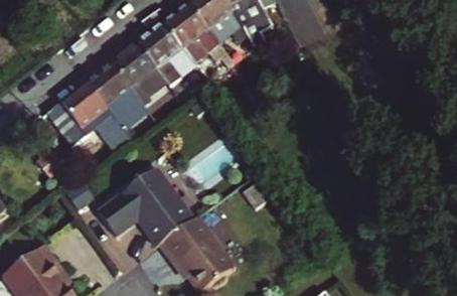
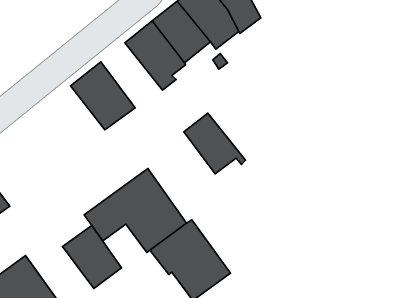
building: [112,45,171,104] -> [184,113,246,174]
building: [46,87,127,153] -> none
building: none -> [62,225,122,288]

